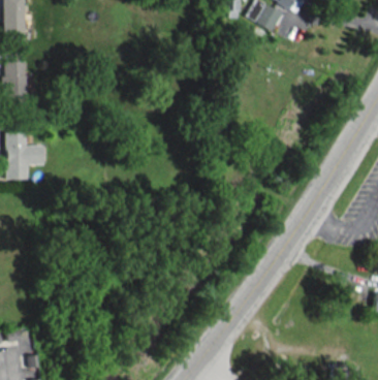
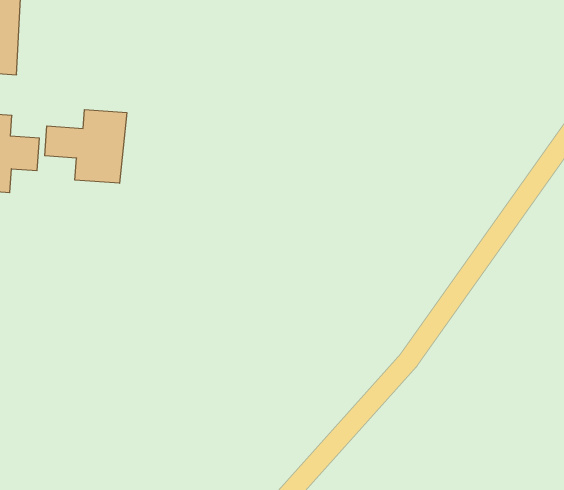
building: none -> [45,110,127,183]

